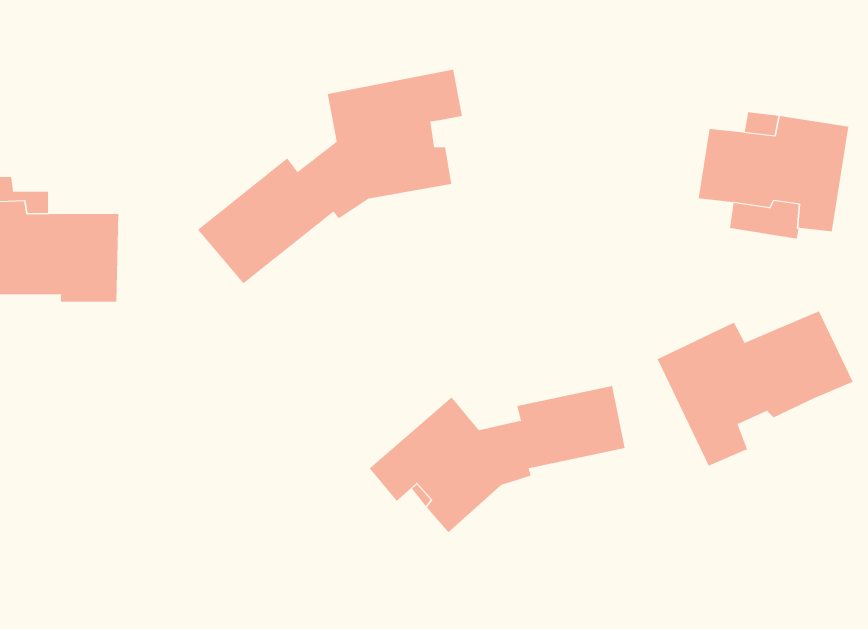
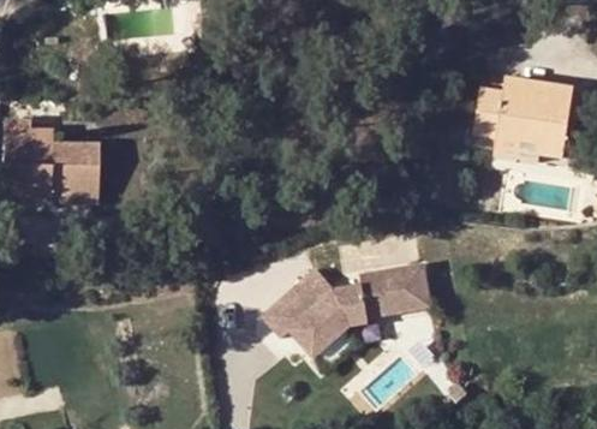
building: [197,69,462,284] -> none
building: [657,310,854,466] -> none

